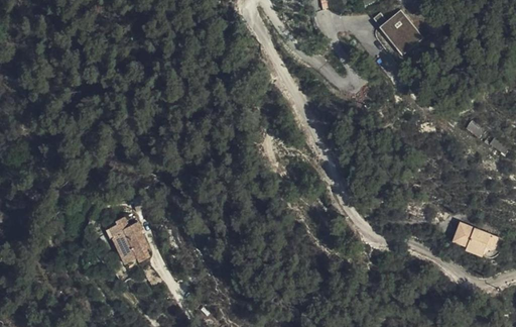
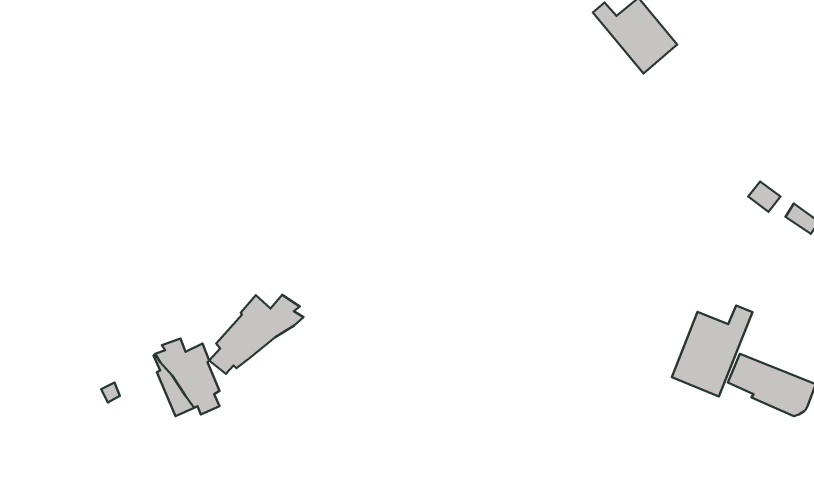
building: none -> [209,295,303,374]
building: none -> [672,305,753,396]

